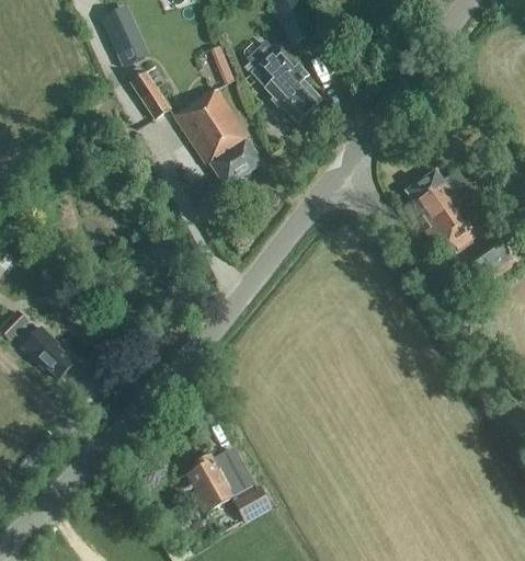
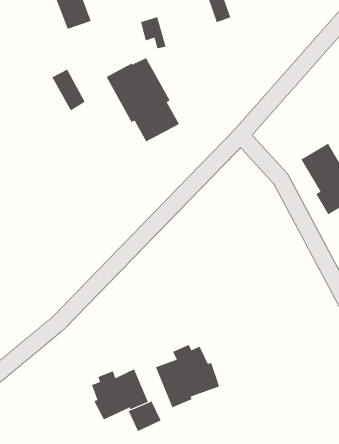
building: [251,46,321,123] -> none
building: [128,71,170,119] -> [52,69,86,111]
building: none -> [155,344,220,408]

